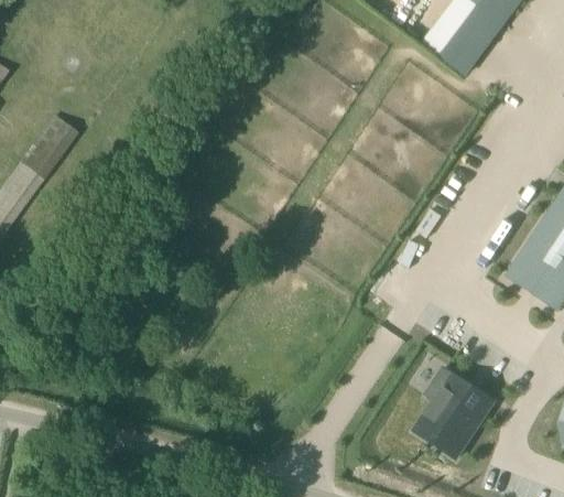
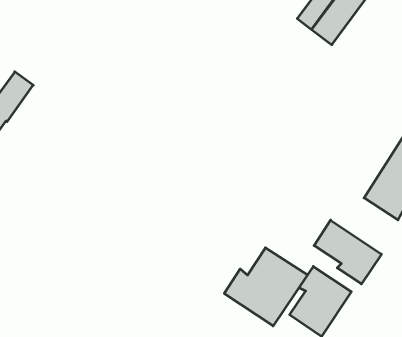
building: none -> [314,220,381,284]
building: none -> [224,248,307,326]

